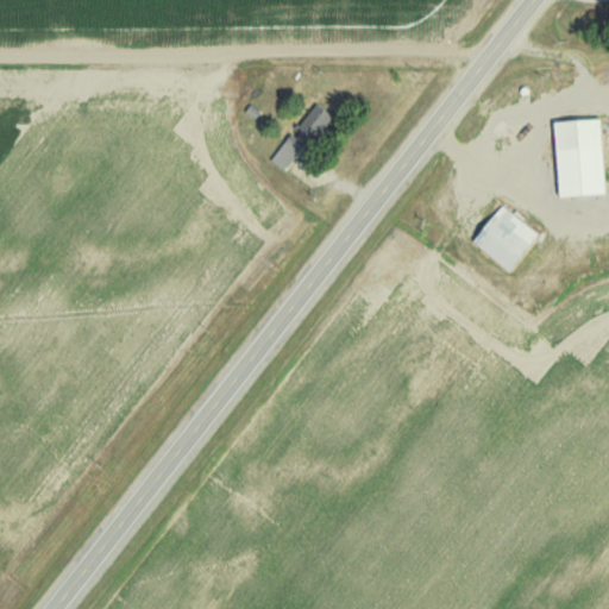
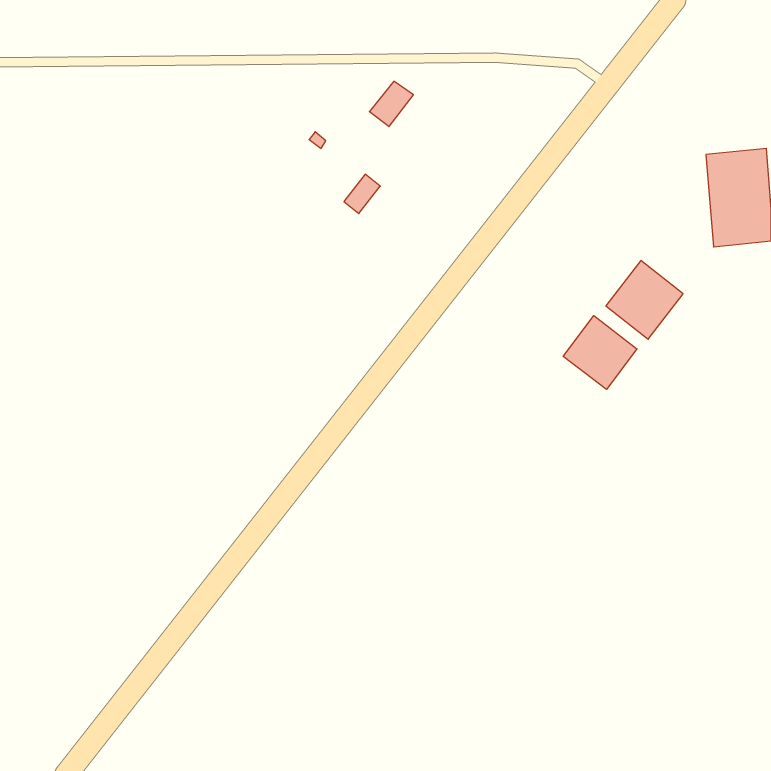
building: [295,106,329,142] -> [369,81,413,127]
building: none -> [563,316,637,389]

